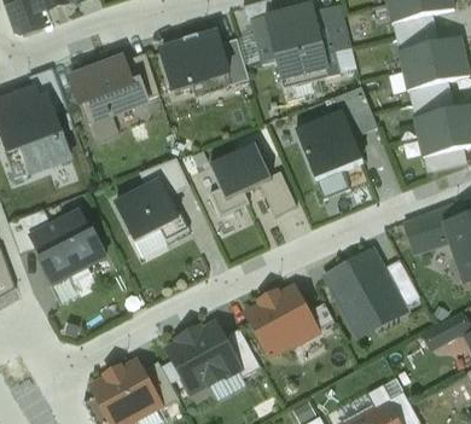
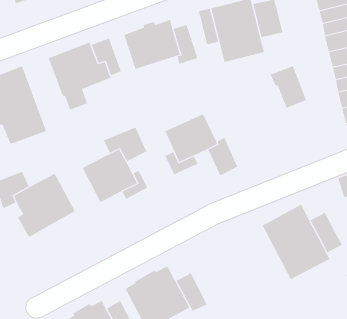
building: [295,110,362,180] -> none
building: [248,280,325,356] -> none

